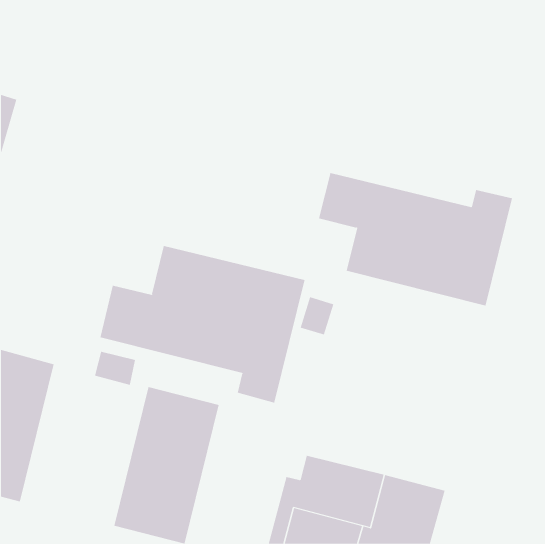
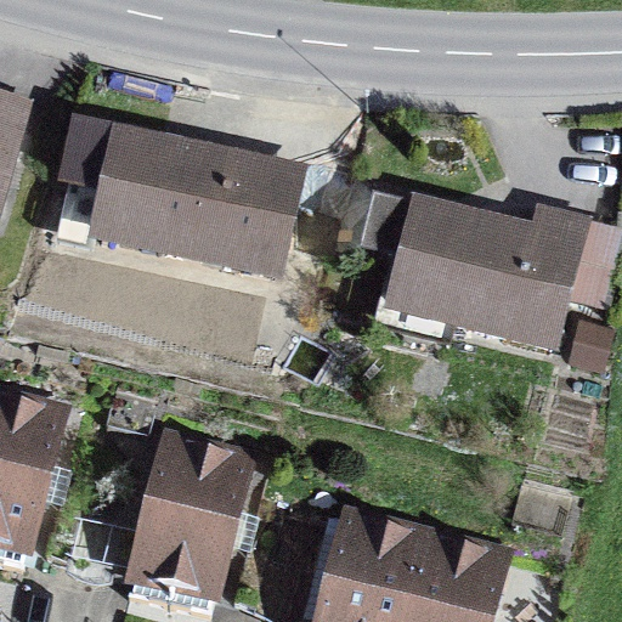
building: none -> [73,129,301,272]
building: [100,245,305,403] -> none

